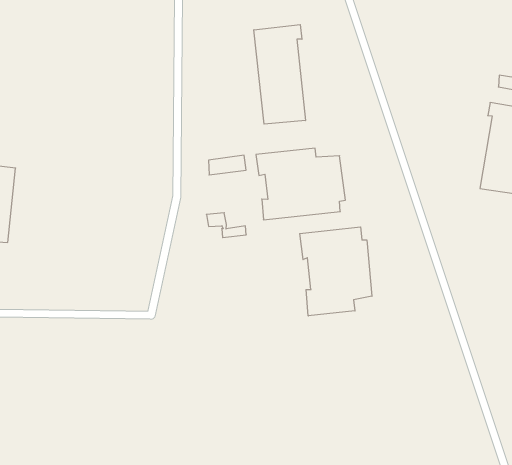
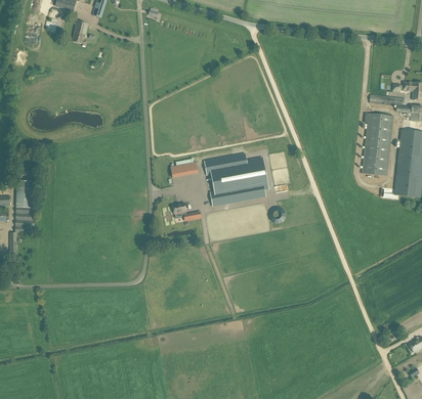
building: [254,25,305,124] -> none
building: [300,227,372,316] -> none

